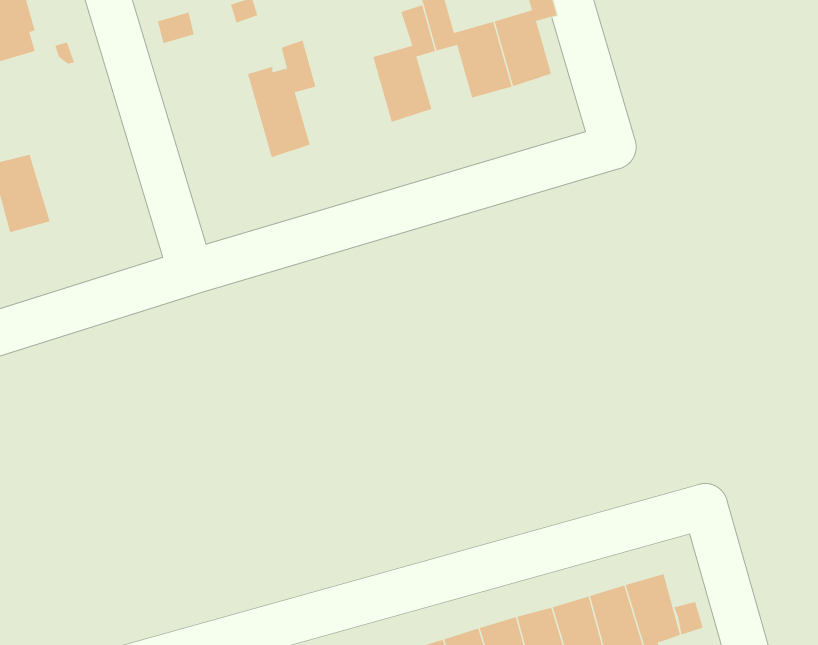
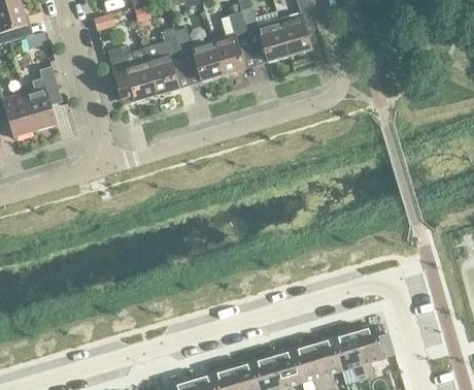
building: none -> [174,27,223,82]
building: none -> [107,46,157,101]
building: none -> [24,65,60,130]

